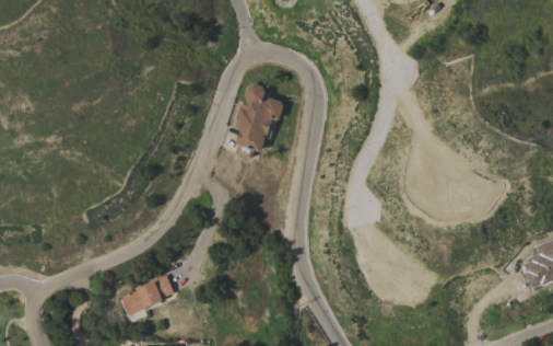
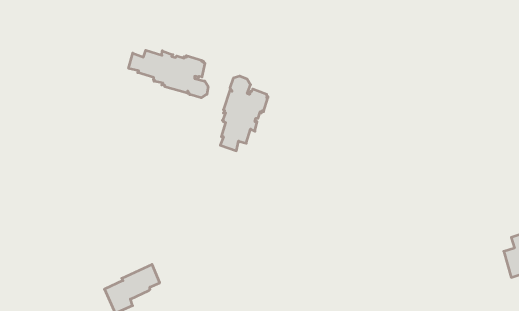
building: none -> [129,50,208,98]

